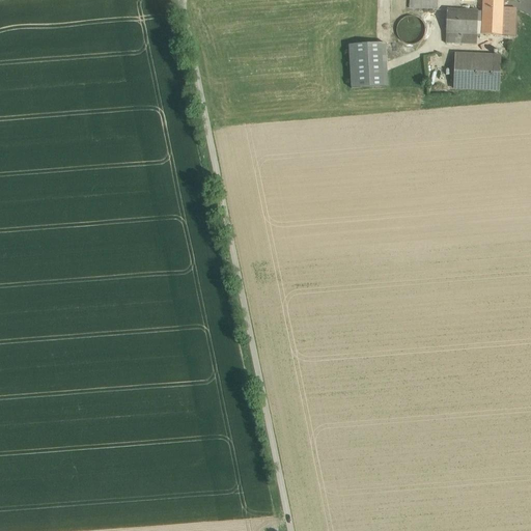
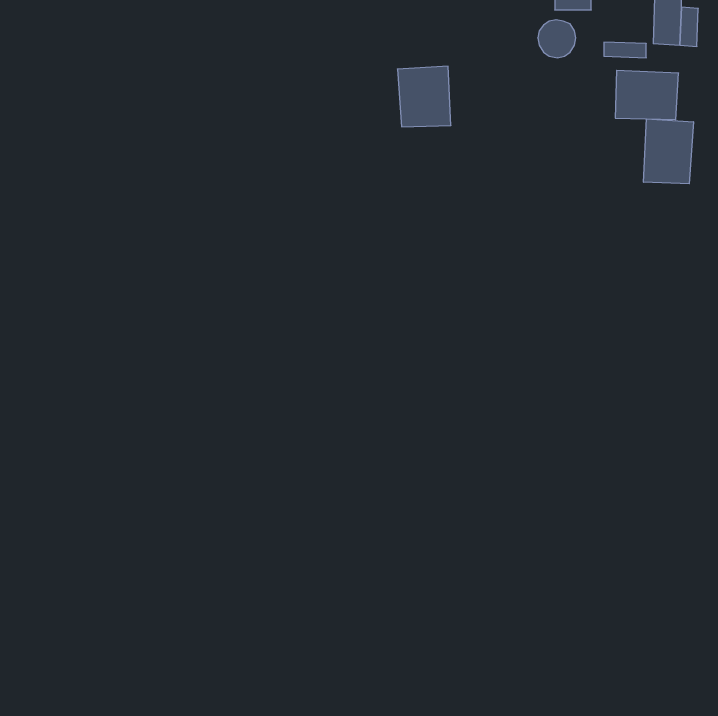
building: [445,8,477,32] -> none
building: [347,41,387,86] -> [397,66,451,127]
building: none -> [644,119,693,184]

